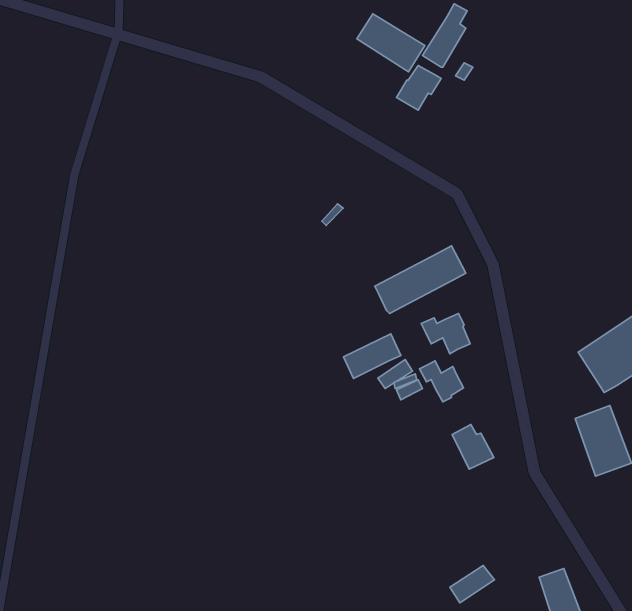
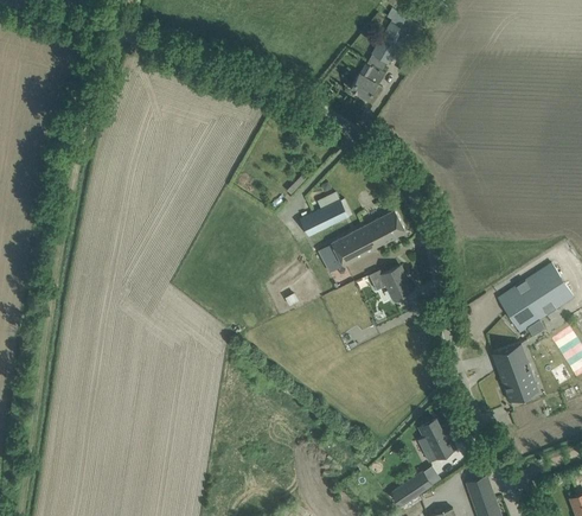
building: [357,14,425,72] -> none
building: [343,334,401,378] -> [299,199,346,236]
building: [419,361,463,402] -> none
building: [452,424,494,469] -> [418,420,453,457]

